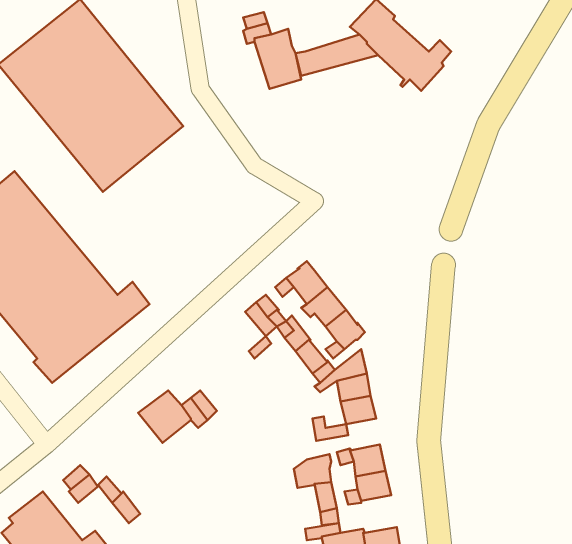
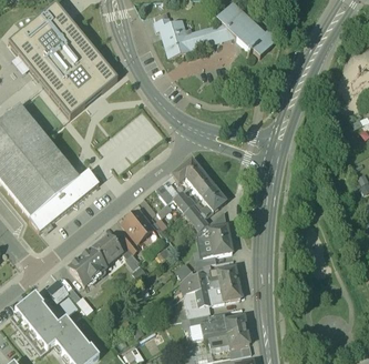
building: none -> [123,211,154,242]
building: none -> [70,249,107,285]

